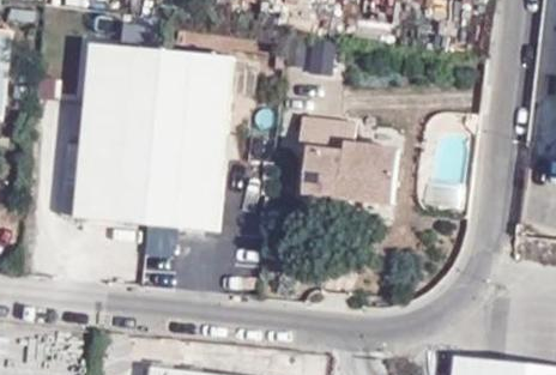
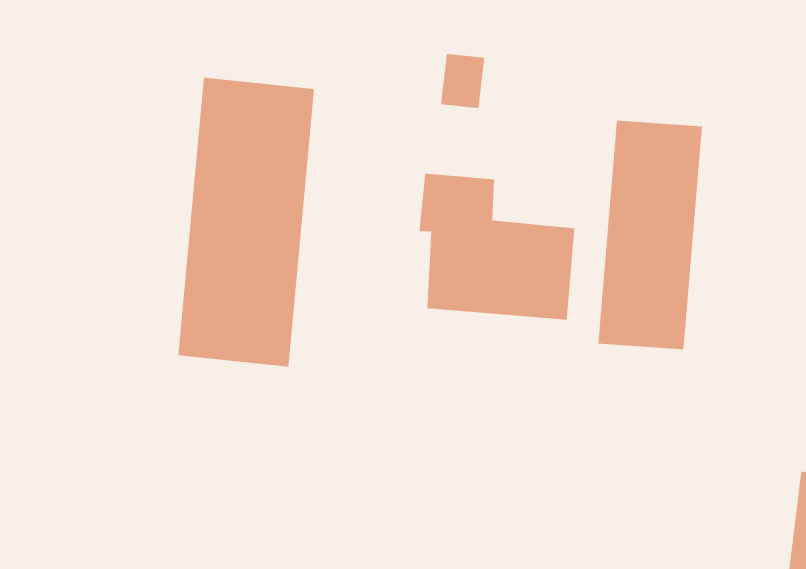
building: [77,47,163,223] -> none
building: none -> [598,120,703,350]

